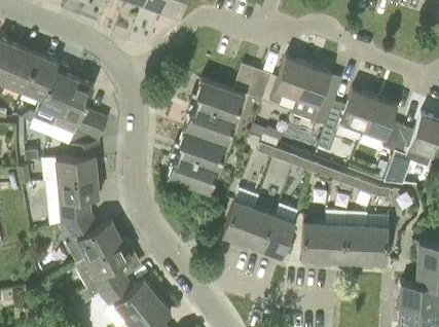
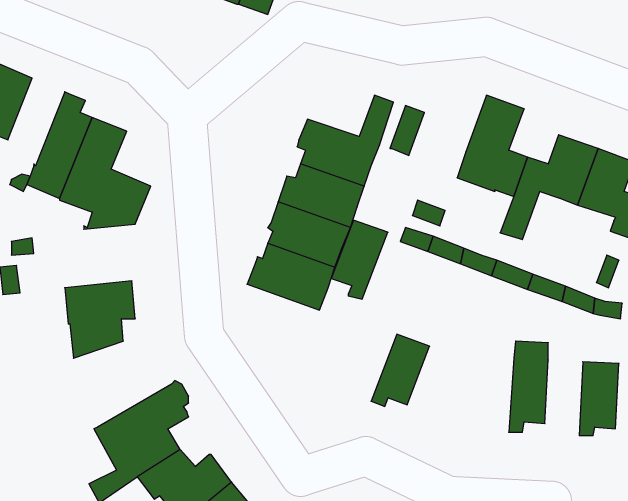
building: [24,54,58,107] -> none
building: [271,57,309,105] -> none
building: [56,142,101,180] -> none
building: [222,201,256,248] -> [331,220,388,299]
building: [63,212,121,263] -> none
building: [262,215,296,257] -> none
building: [301,221,326,266] -> none
building: [344,223,367,268] -> none

